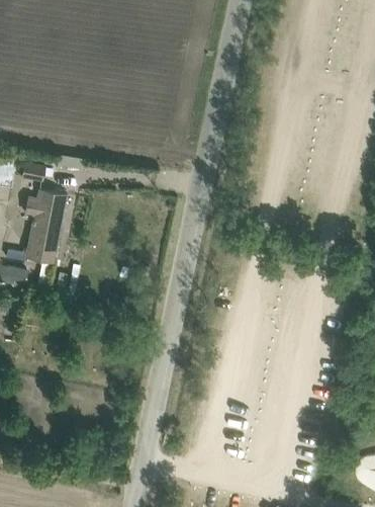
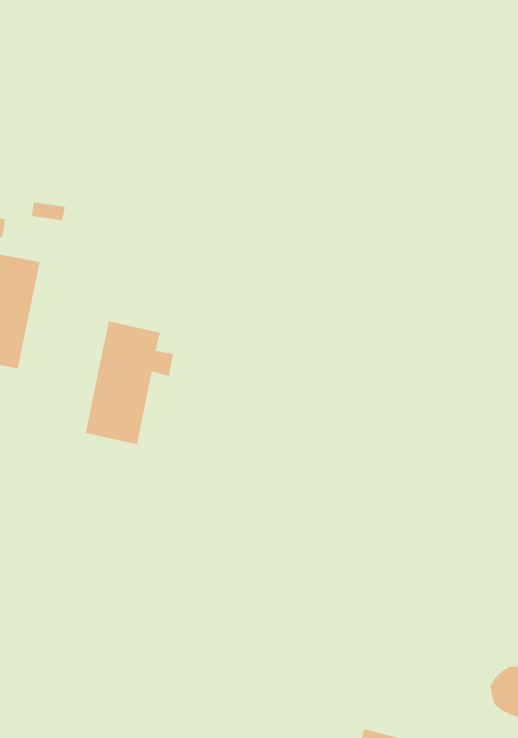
building: none -> [85,320,174,445]

